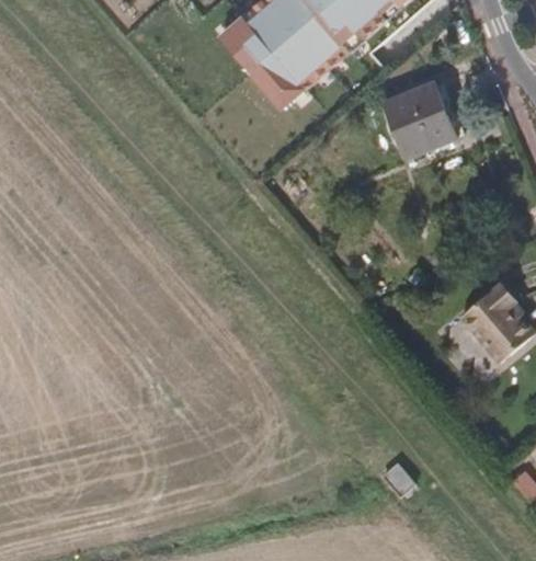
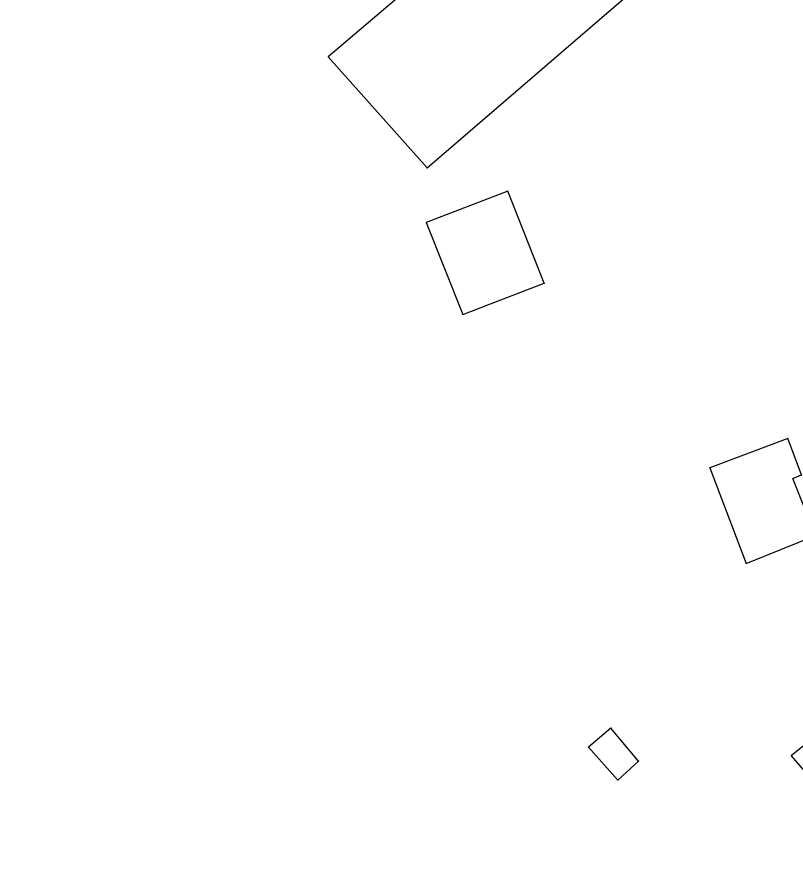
building: [384,79,458,157] -> [426,191,544,314]

